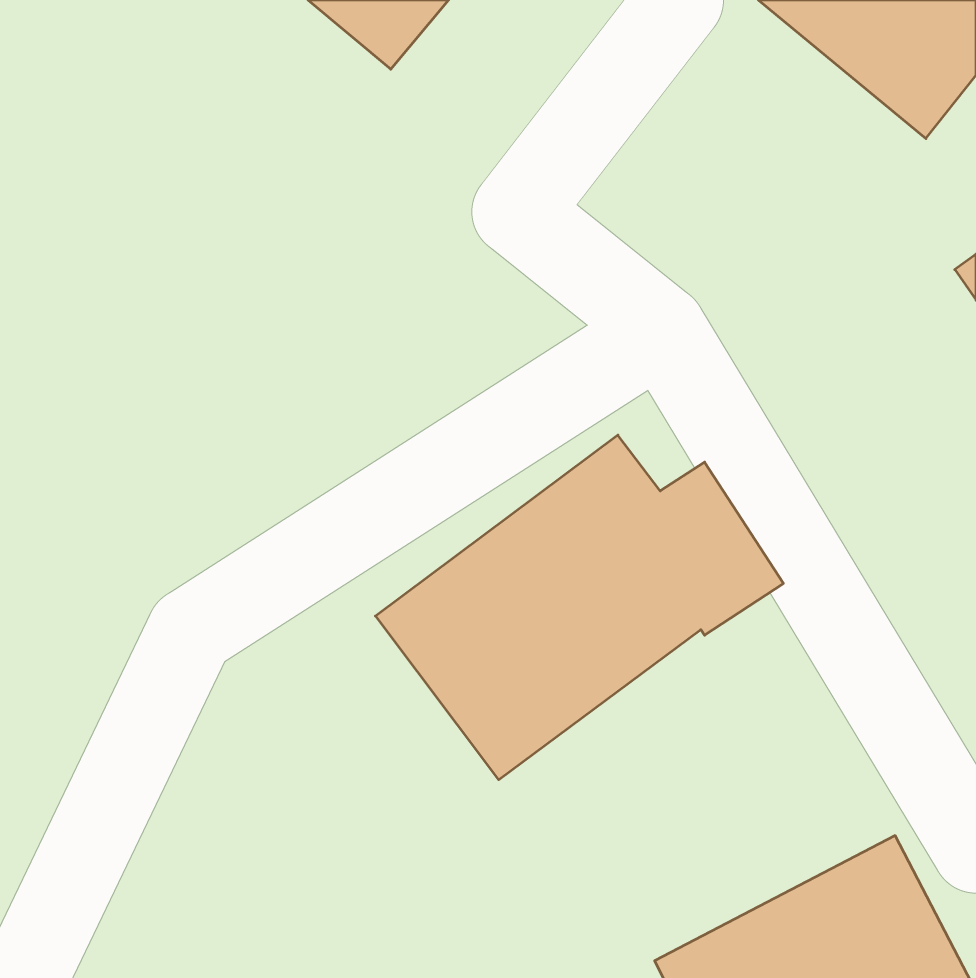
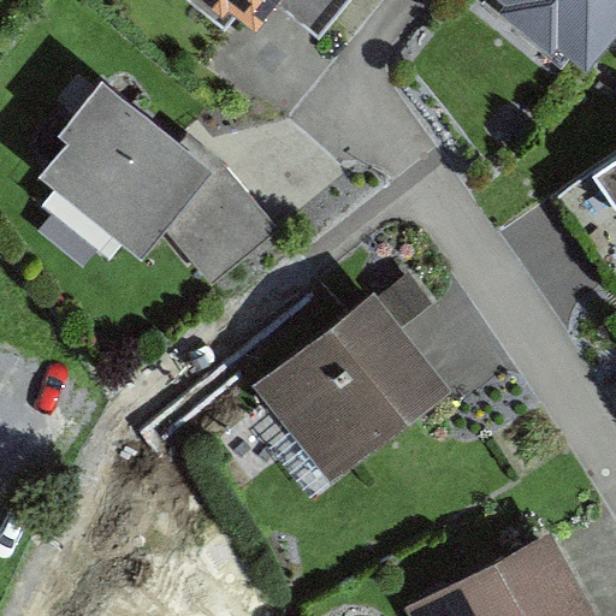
building: none -> [32,83,290,295]

